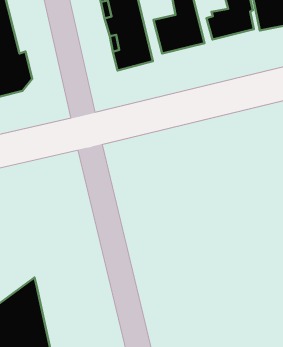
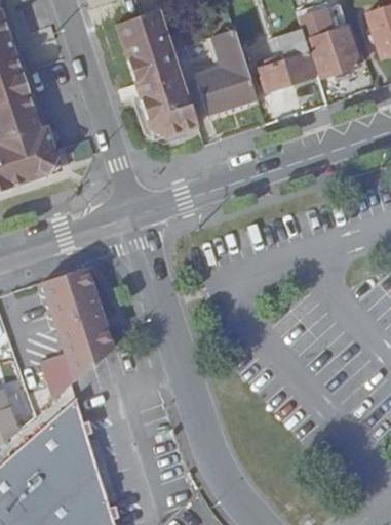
building: none -> [41,270,114,403]

